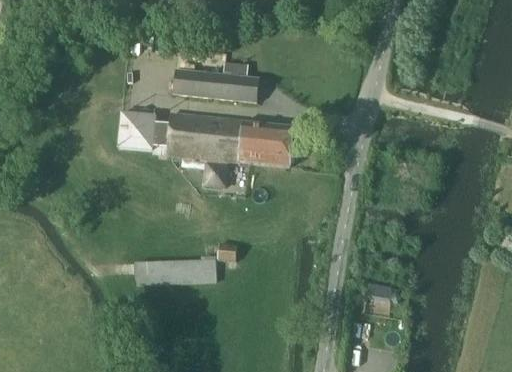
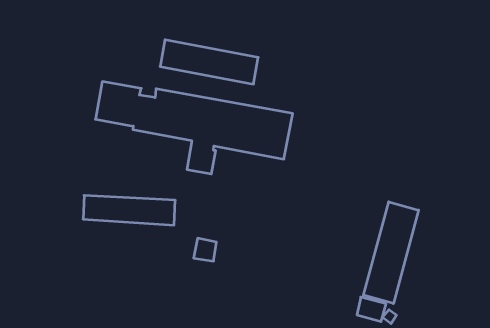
building: none -> [363,202,419,304]
building: [134,257,216,281] -> [83,195,175,225]

